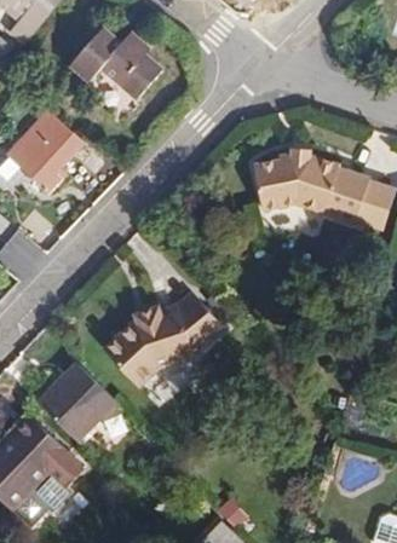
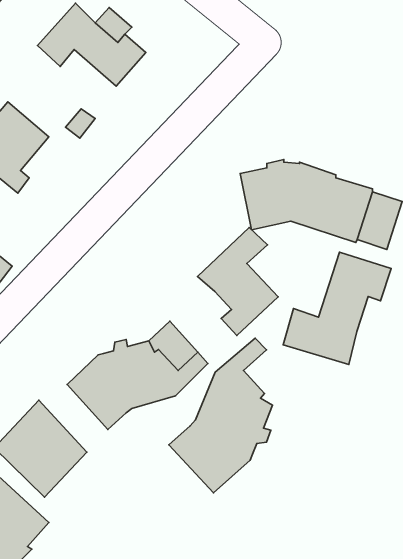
building: none -> [197,227,278,335]
building: none -> [283,252,391,365]
building: none -> [169,338,272,493]

